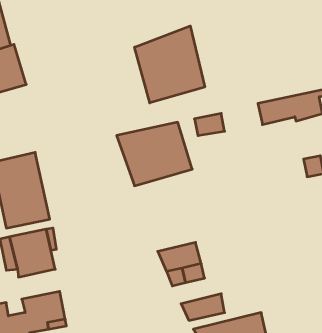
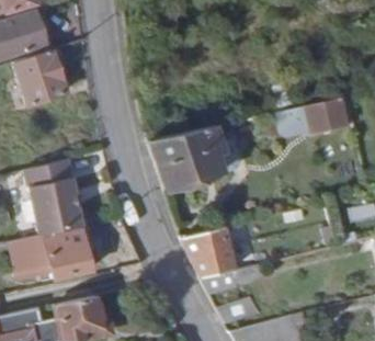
building: [135,26,205,103] -> none

